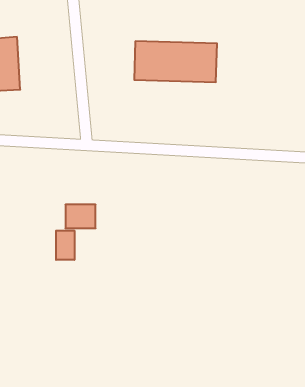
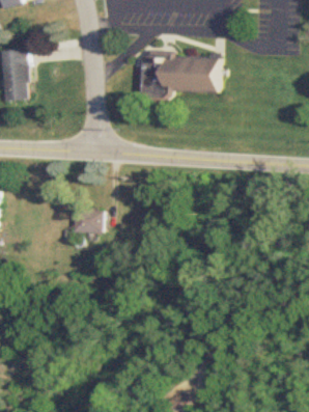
building: [56,231,74,260] -> none

